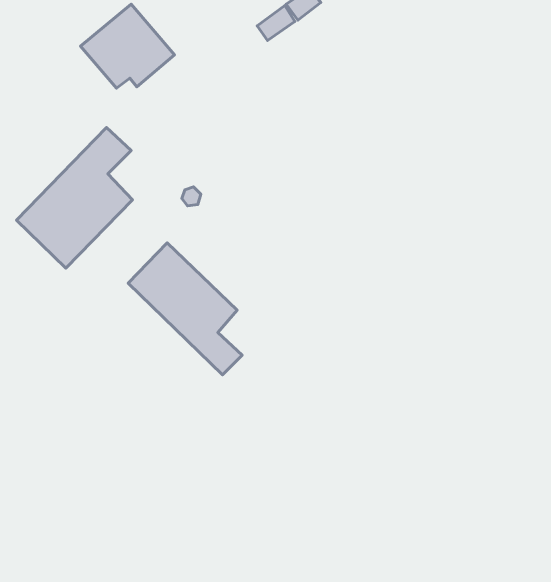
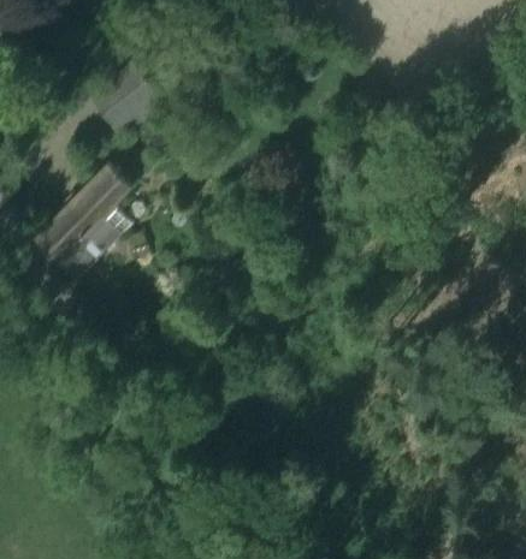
building: [128,243,242,375] -> none

